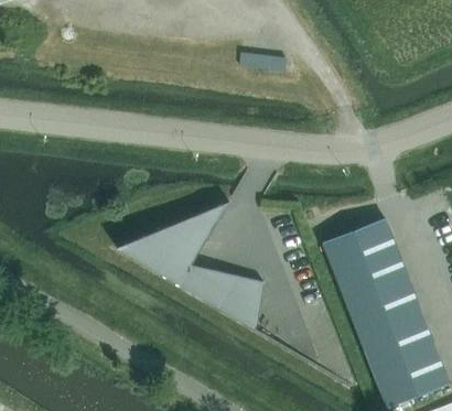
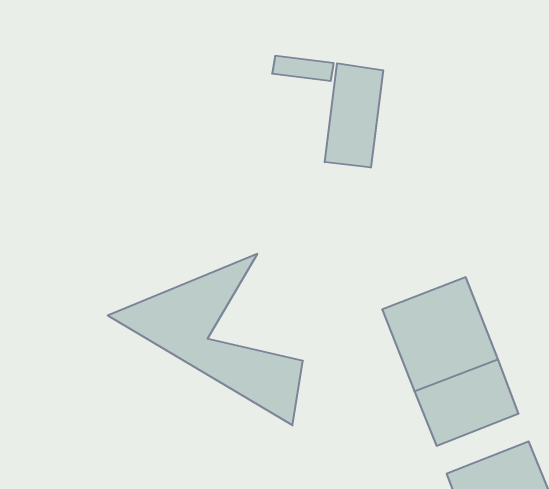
building: none -> [325,63,383,168]
building: [363,322,432,367] -> none

